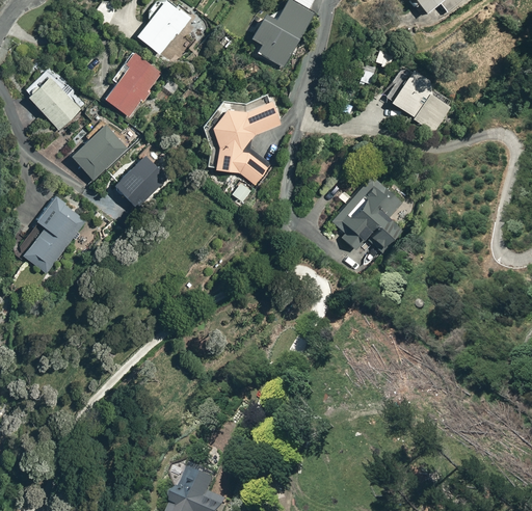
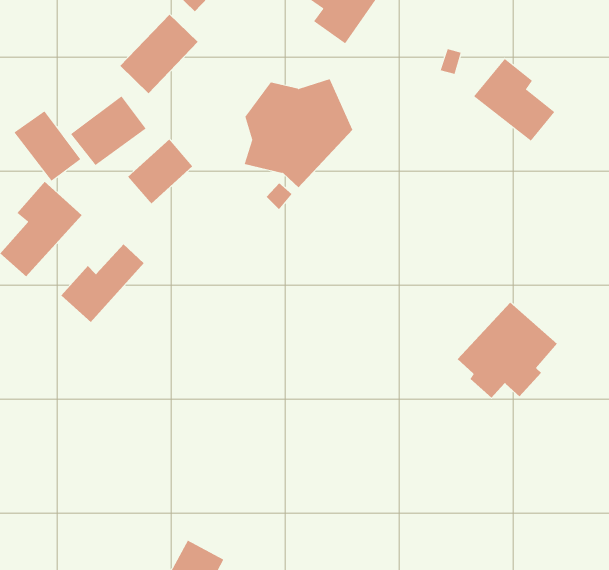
building: [27,73,82,128] -> [14,110,81,181]
building: [327,172,405,249] -> [457,302,558,398]
building: none -> [60,243,145,323]

